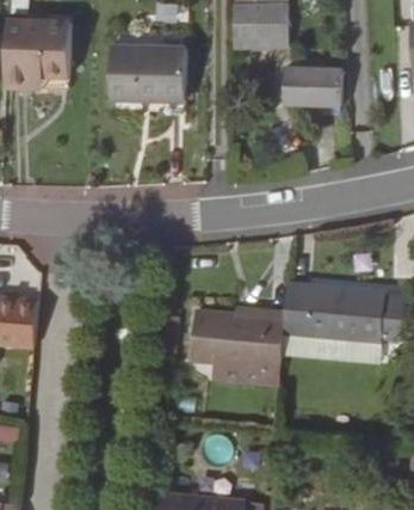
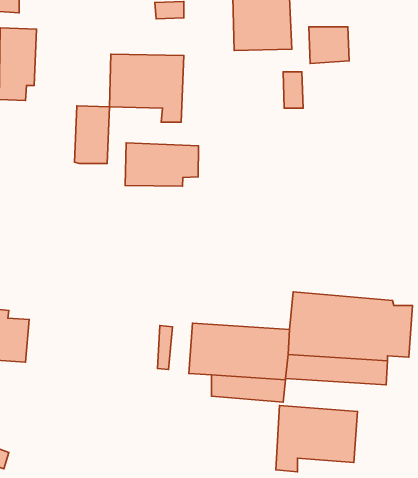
building: [43,29,76,84] -> [74,106,110,164]
building: [297,69,335,104] -> [309,27,349,63]
building: none -> [125,143,199,186]
building: none -> [276,405,358,472]

